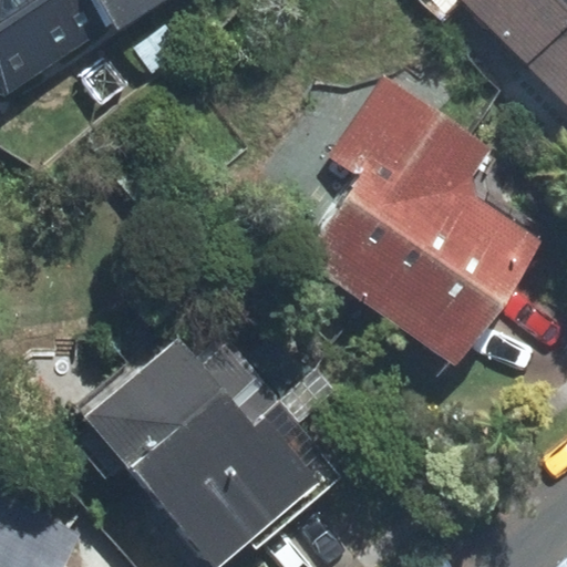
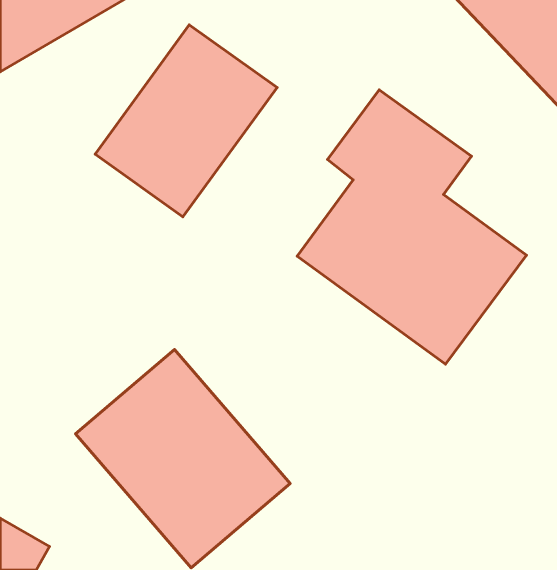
building: none -> [95,25,277,217]

